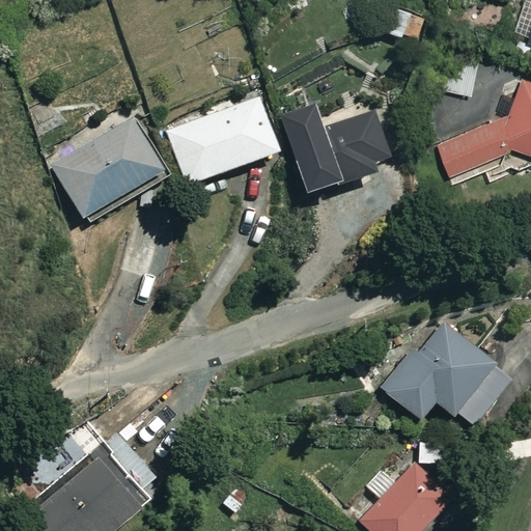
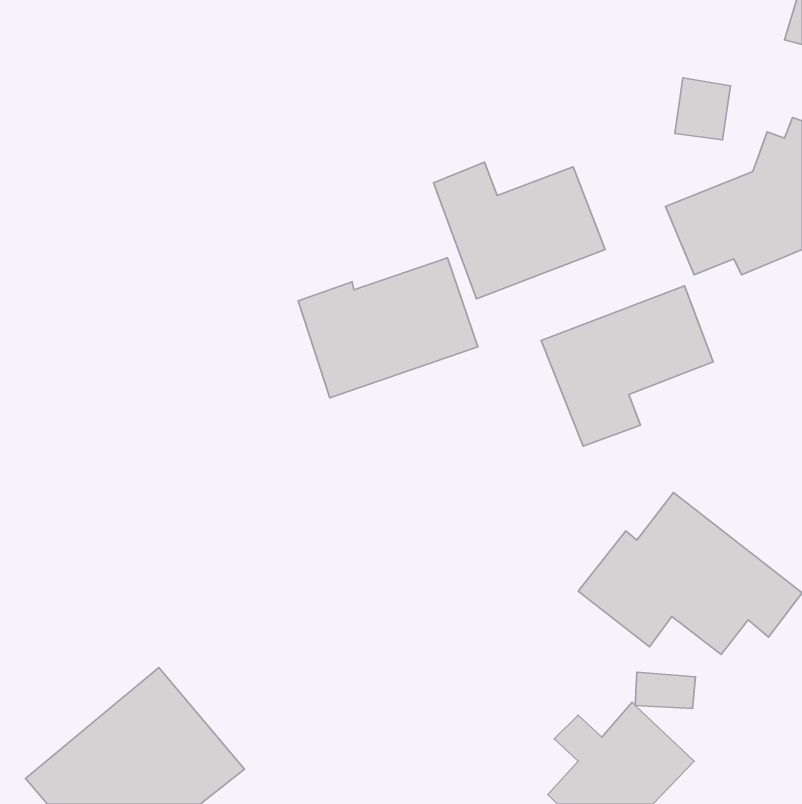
building: [164,96,281,188] -> [298,258,478,398]
building: [52,117,167,221] -> none
building: none -> [541,286,713,446]

